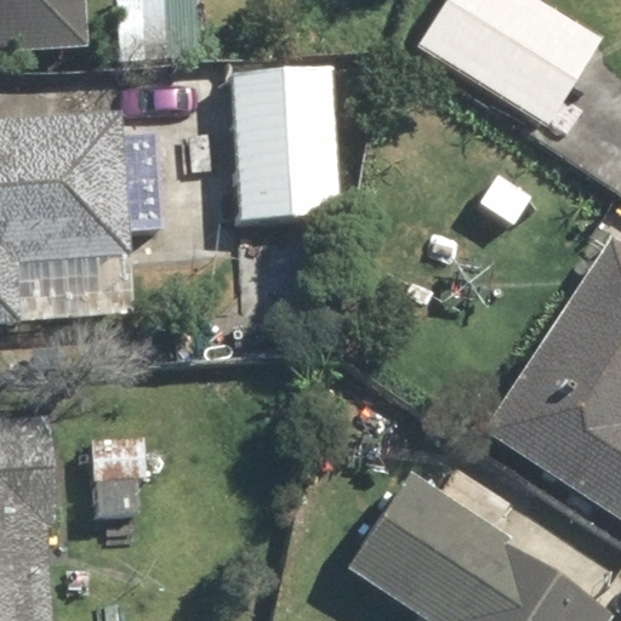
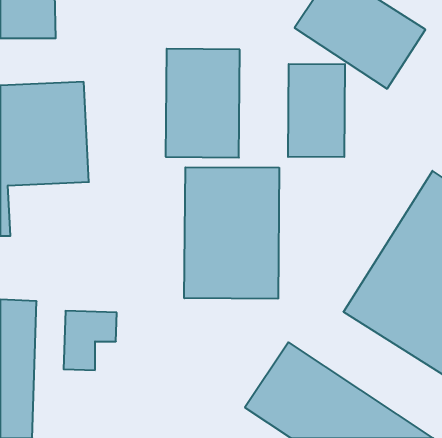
building: none -> [288,64,345,157]
building: none -> [184,167,279,299]

